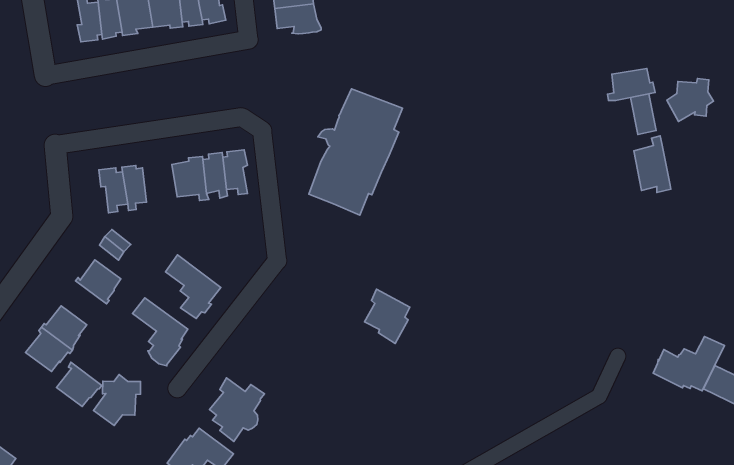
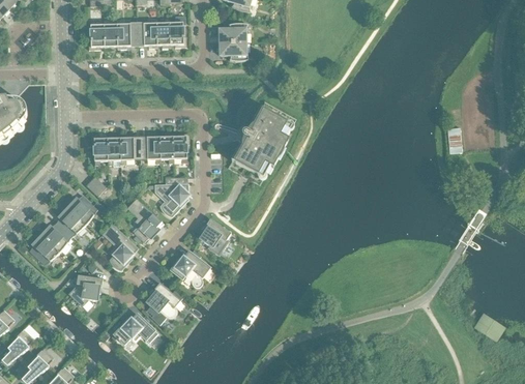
building: [607,69,655,101] -> none
building: [667,79,713,122] -> none
building: [634,136,671,193] -> none
building: none -> [119,134,140,164]
building: none -> [145,182,189,215]
building: [365,289,410,343] -> [199,217,230,255]
building: none -> [170,250,209,286]
building: [653,336,724,391] -> none
building: [57,362,102,406] -> [55,206,85,236]

